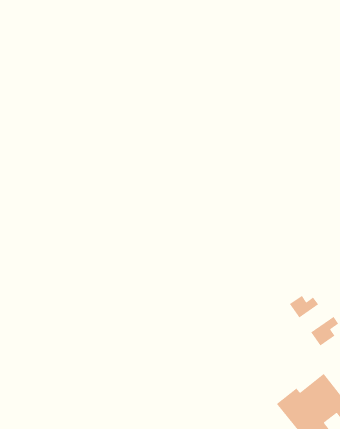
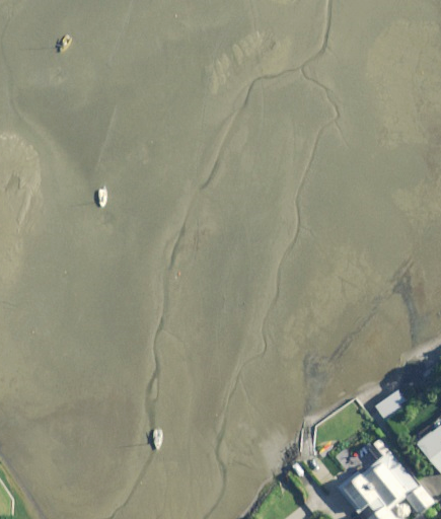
building: [289,295,319,318] -> none

